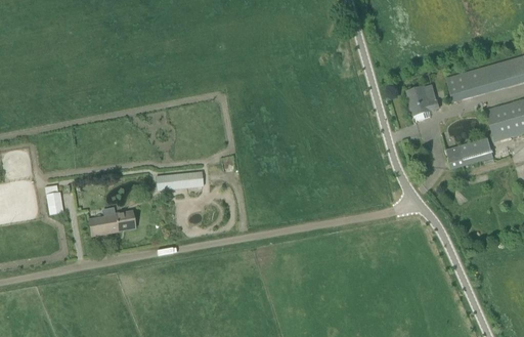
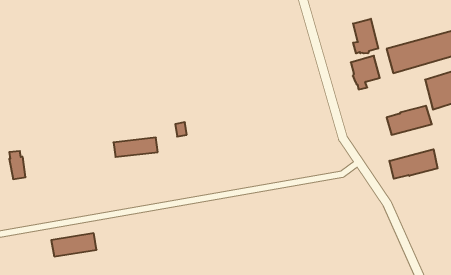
building: none -> [353,19,378,53]
building: none -> [389,149,438,179]
building: [87,211,135,236] -> [51,233,97,256]

